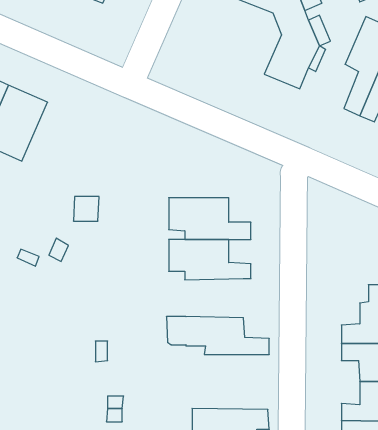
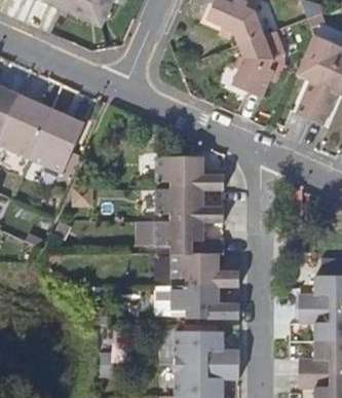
building: none -> [30,107,83,175]
building: none -> [153,155,222,187]
building: none -> [166,255,237,288]
building: none -> [173,332,236,365]

